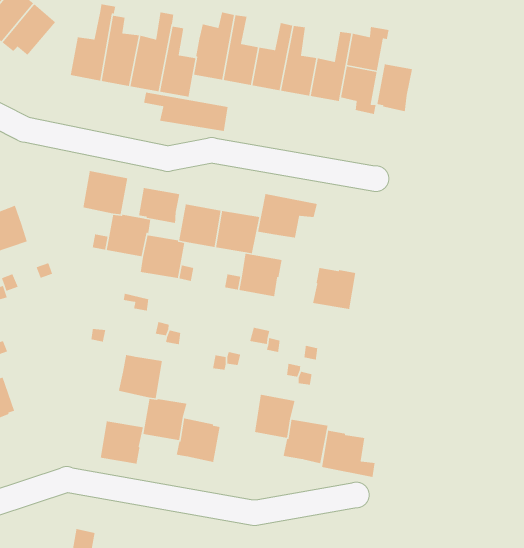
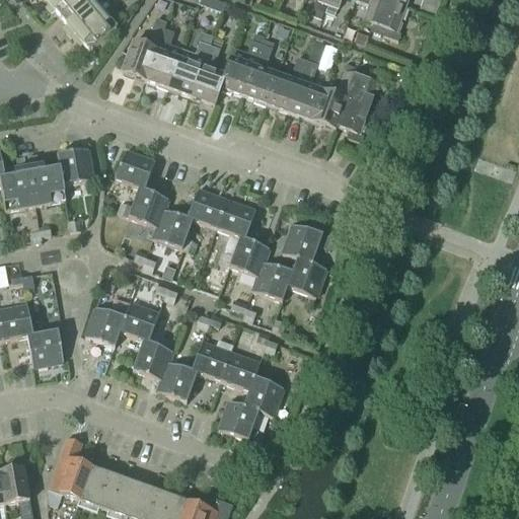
building: [377,63,413,112] -> none
building: [143,92,229,132] -> none
building: none -> [57,147,93,183]
building: [138,187,180,224] -> none
building: [257,193,318,238] -> [282,222,335,263]
building: none -> [252,261,293,301]
building: none -> [192,341,233,382]
building: none -> [28,328,65,366]
building: [100,421,144,464] -> [85,306,125,346]
building: [321,430,376,478] -> [219,399,264,444]

